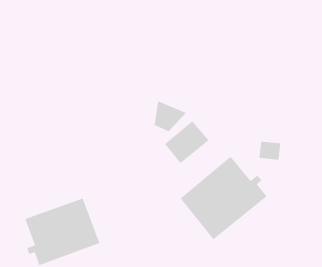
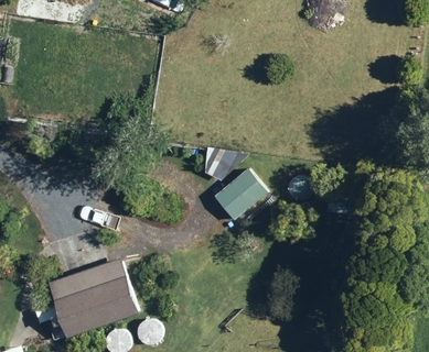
building: [180,156,268,240] -> none

